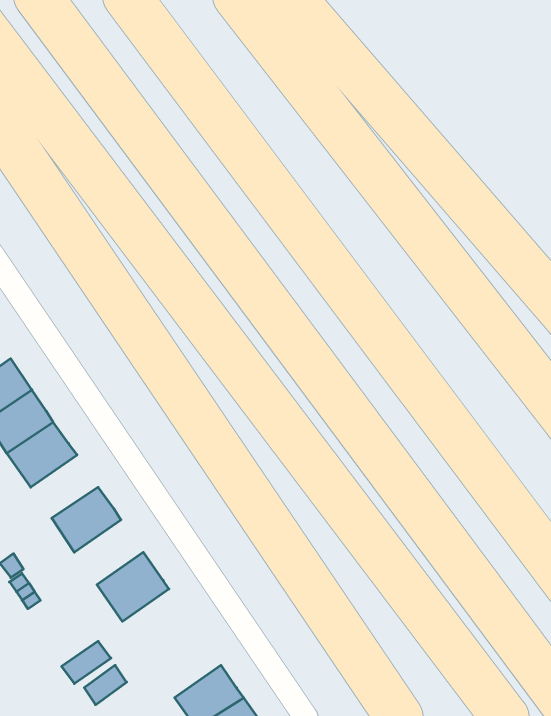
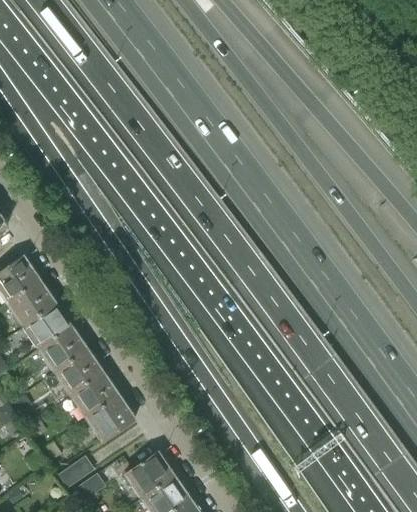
building: none -> [37,324,85,369]
building: none -> [68,370,117,416]
building: none -> [124,452,172,496]

